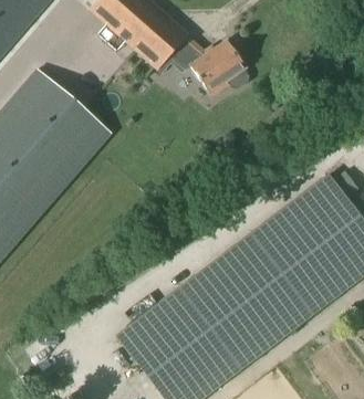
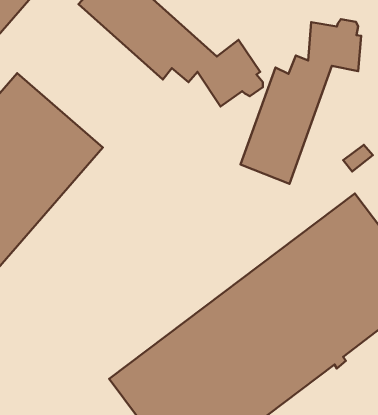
building: none -> [240,19,361,184]

